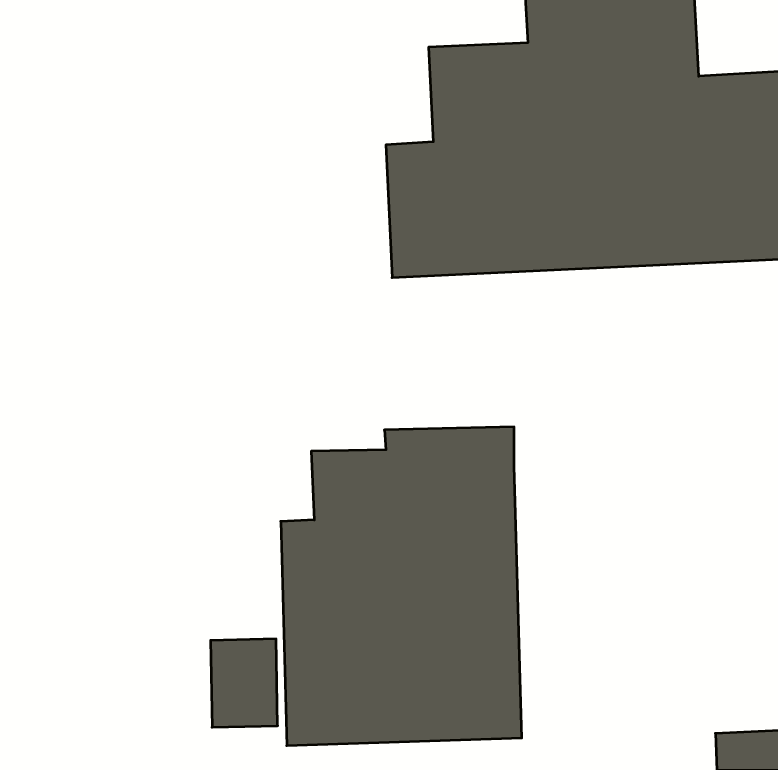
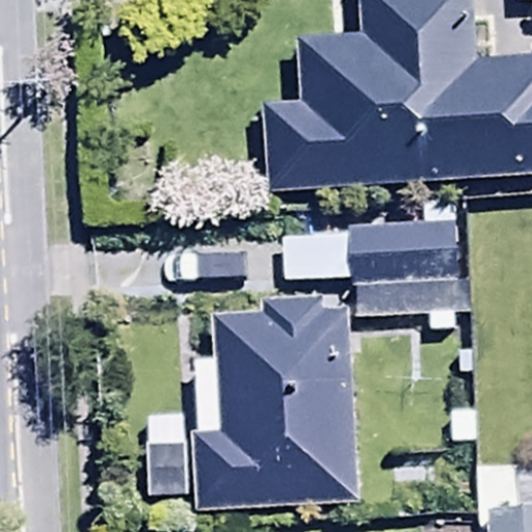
building: none -> [281,220,481,318]

